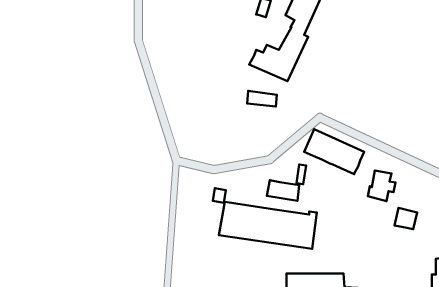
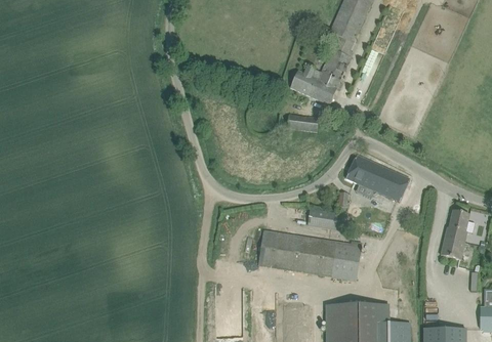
building: [368,171,395,201] -> [445,210,474,242]

